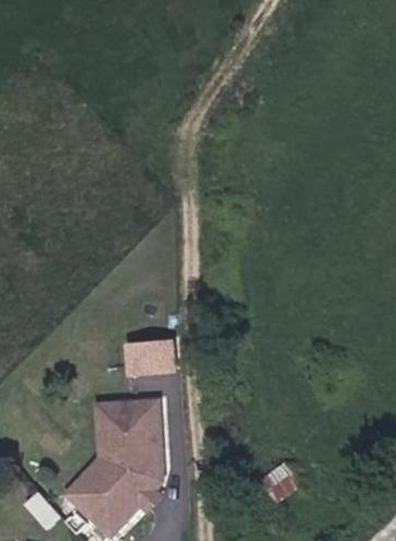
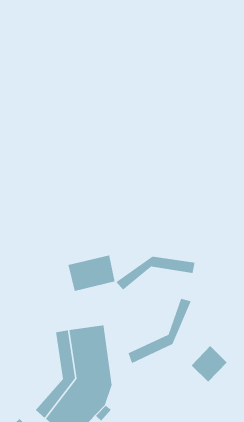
building: none -> [116,256,196,290]
building: none -> [128,298,192,364]

